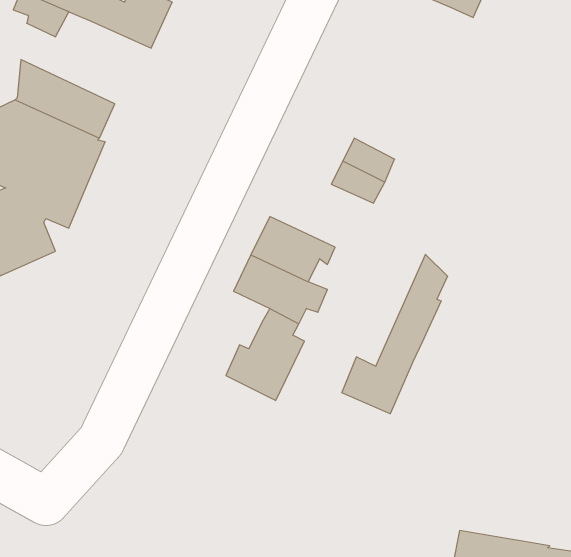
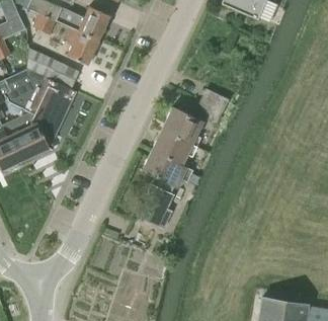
building: none -> [62,27,98,66]
building: none -> [161,108,201,147]
building: [342,254,448,414] -> none

